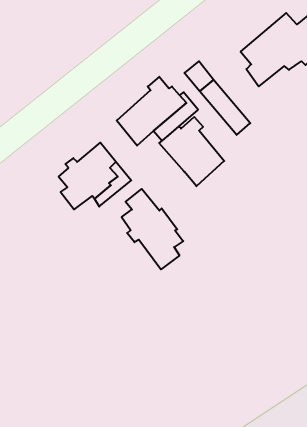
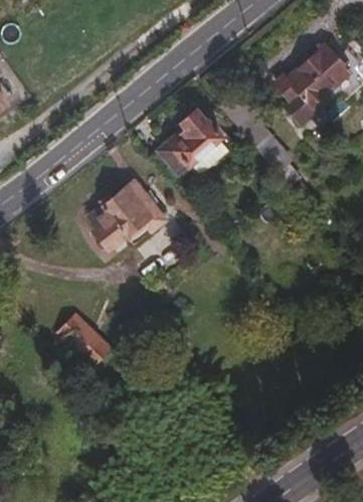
building: [159,117,224,186] -> none
building: [122,189,183,269] -> none
building: none -> [52,310,114,369]

